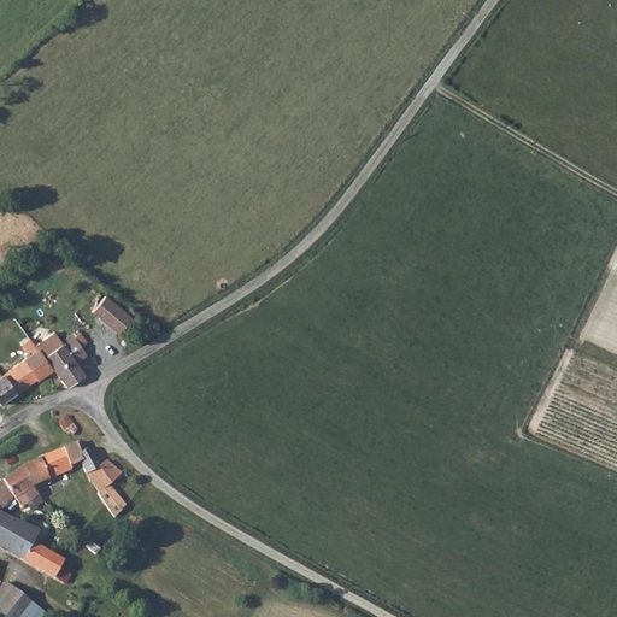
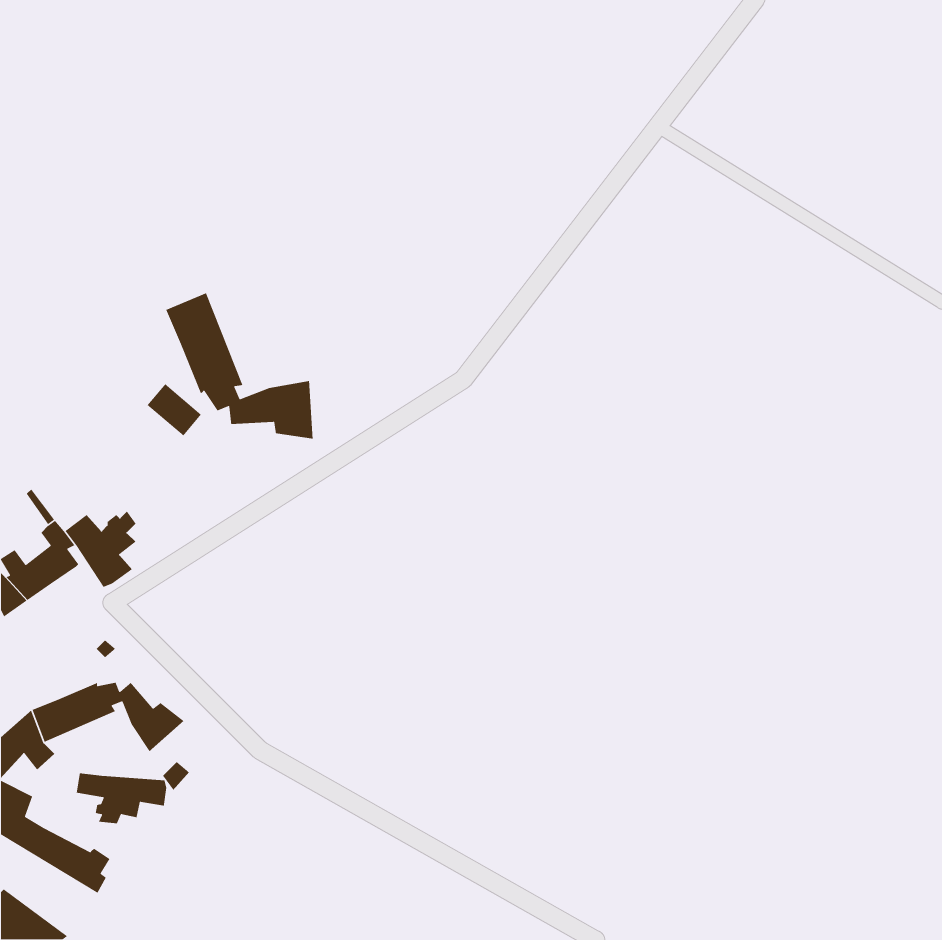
building: none -> [165,292,313,440]
building: [95,300,131,335] -> [147,383,202,437]
building: none -> [76,772,167,824]

